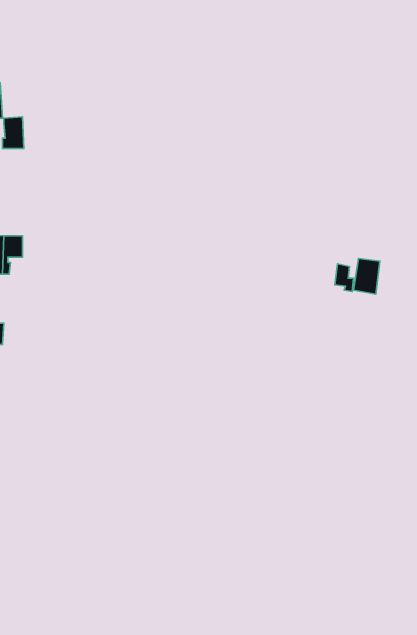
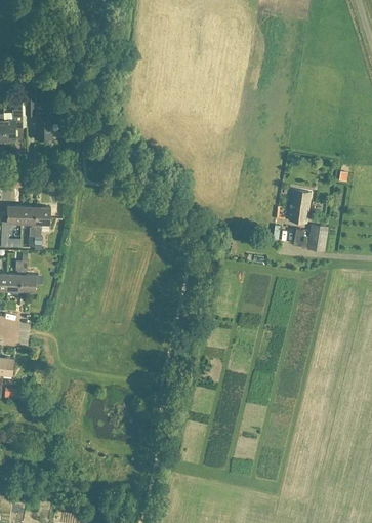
building: none -> [287,190,309,224]

